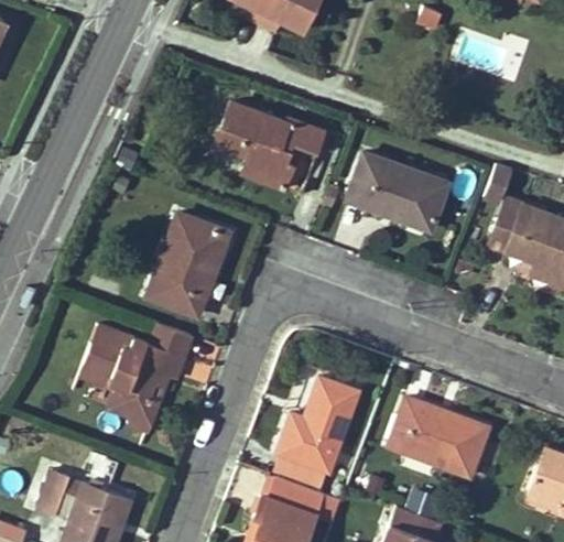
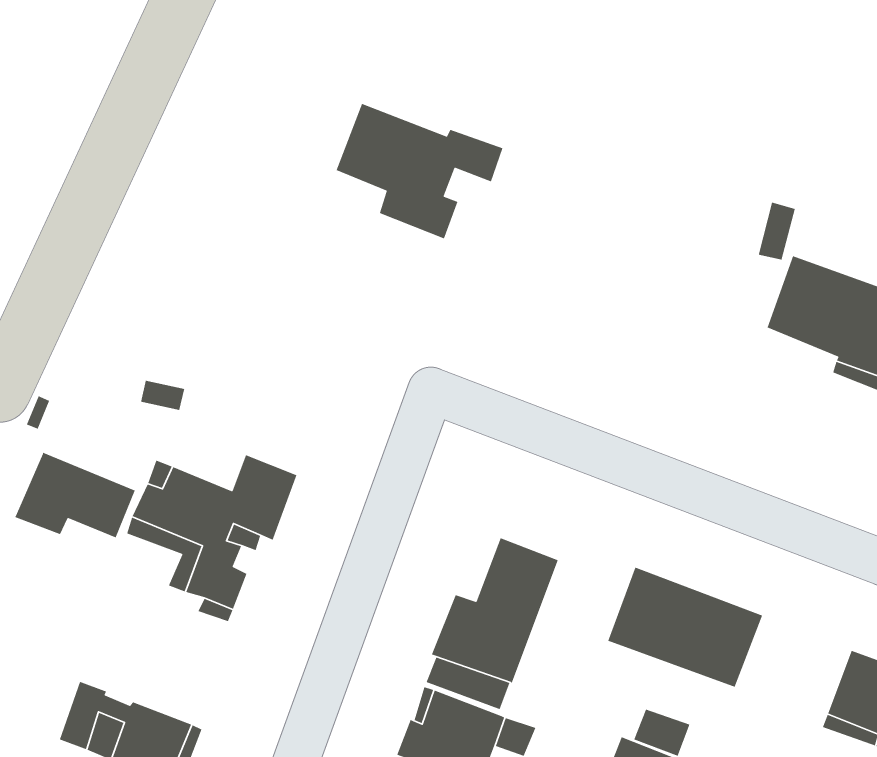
building: [348,153,448,230] -> none
building: [147,214,228,315] -> none
building: none -> [14,451,136,539]

